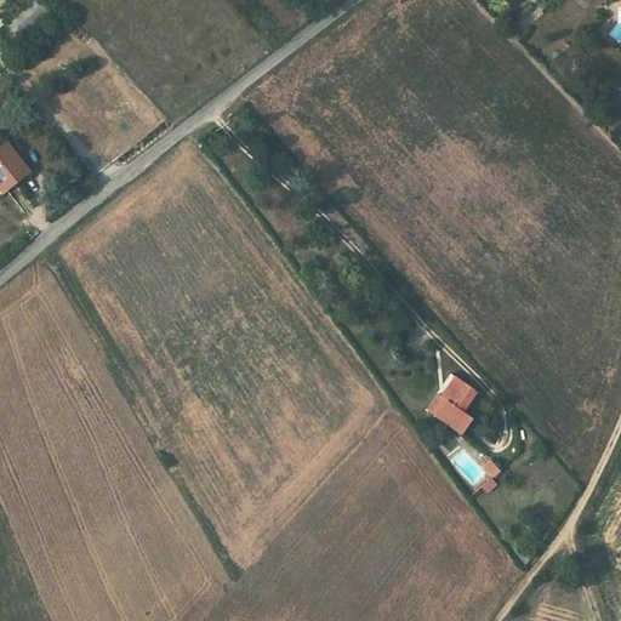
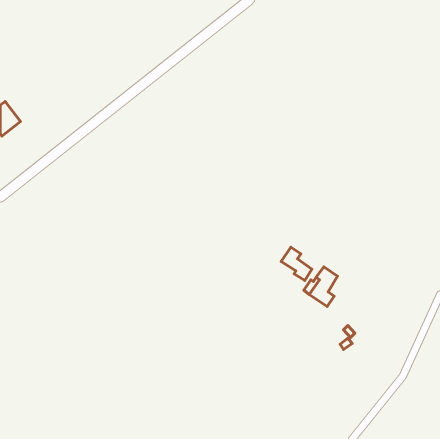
building: none -> [281,247,312,280]

